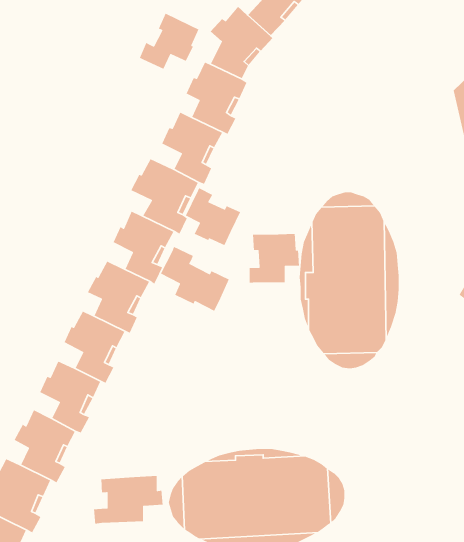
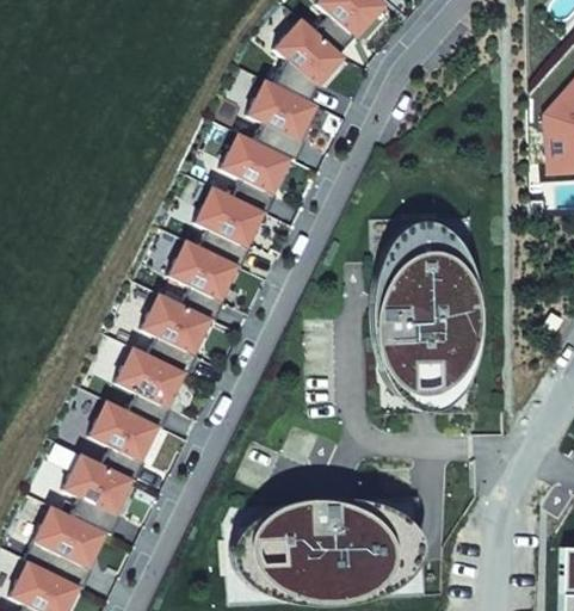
building: [139,13,199,70] -> none
building: [185,187,241,246] -> none
building: [249,233,300,283] -> none
building: [160,246,230,312] -> none
building: [93,475,163,524] -> none

